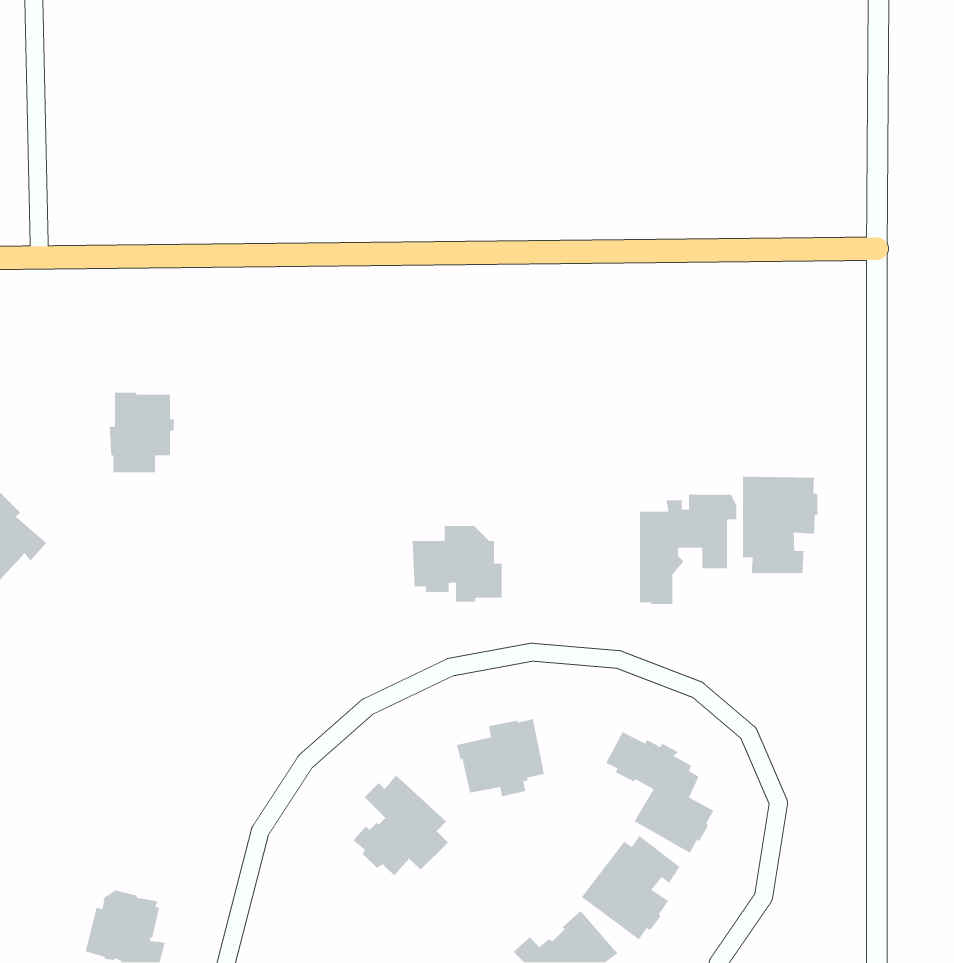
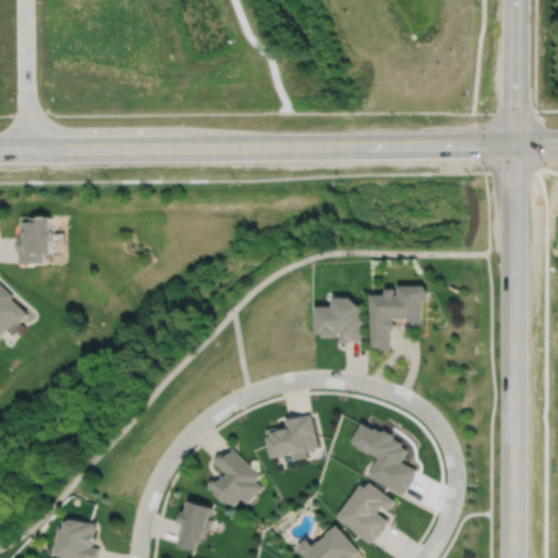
building: [109,392,175,473] -> [15,216,53,263]
building: [742,476,818,574] -> none
building: [412,525,502,602] -> [313,298,365,342]
building: none -> [174,500,210,551]

